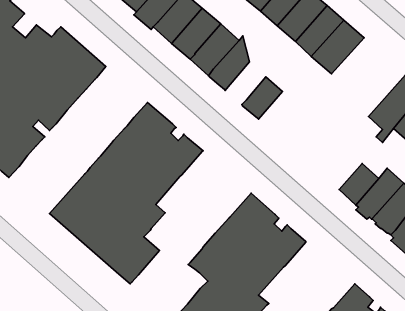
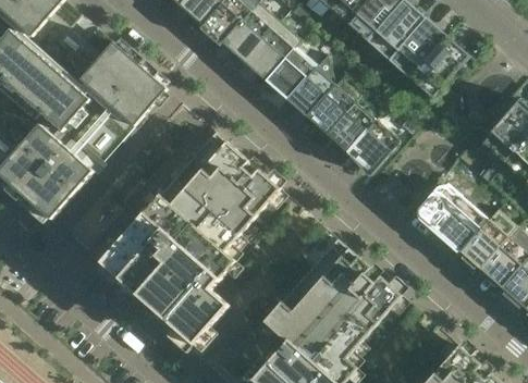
building: none -> [305,78,358,134]
building: none -> [344,119,395,171]
building: none -> [425,187,466,234]

